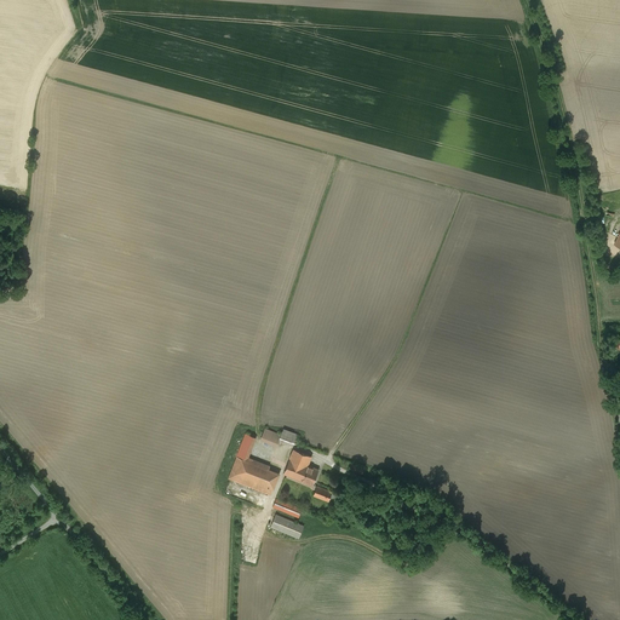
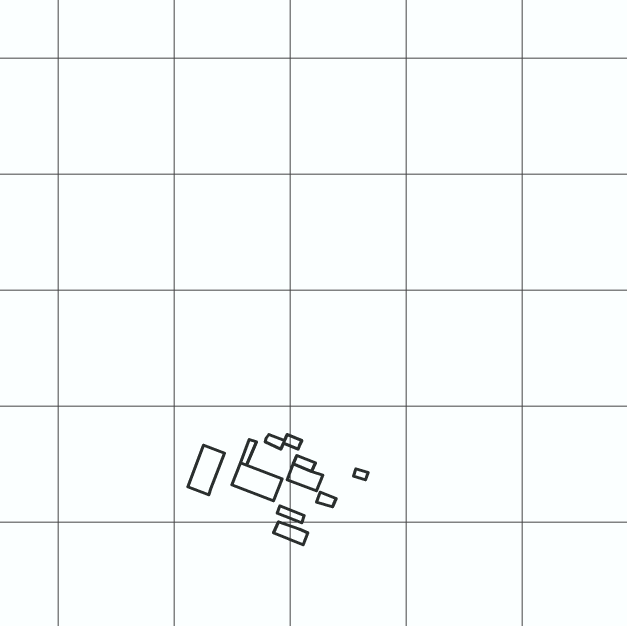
building: none -> [188,445,225,495]

